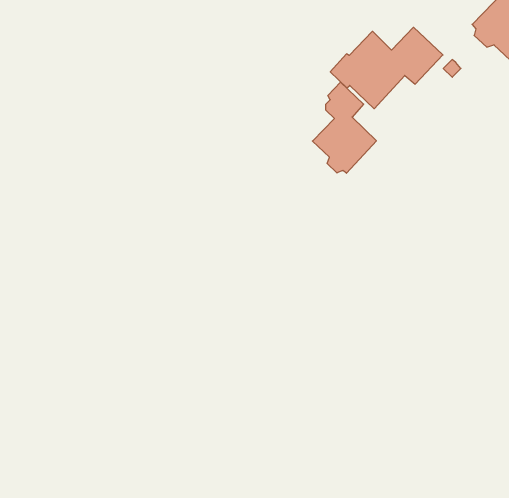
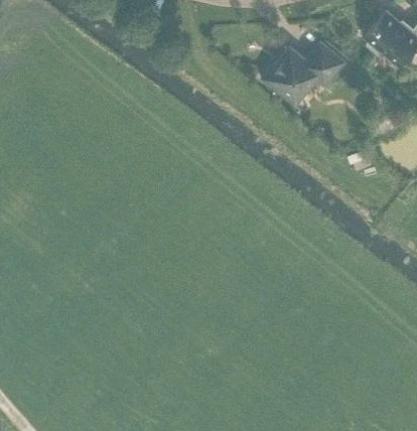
building: [312,82,376,173] -> none

